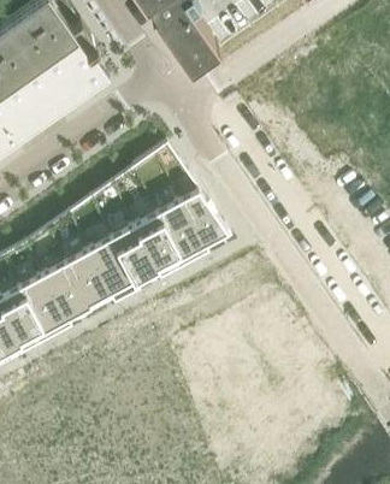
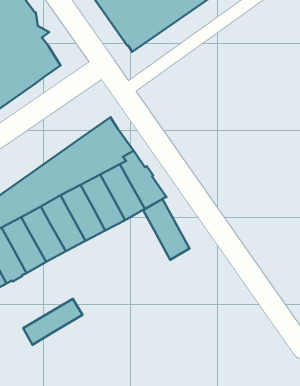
building: none -> [143,199,189,260]
building: none -> [23,299,83,345]

